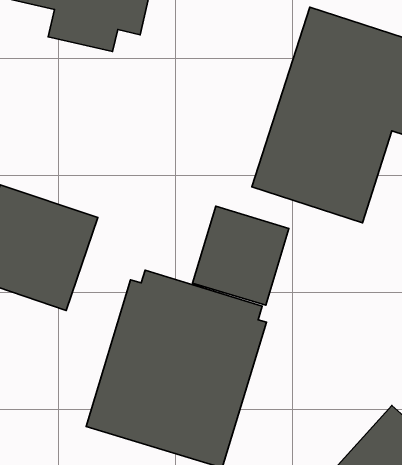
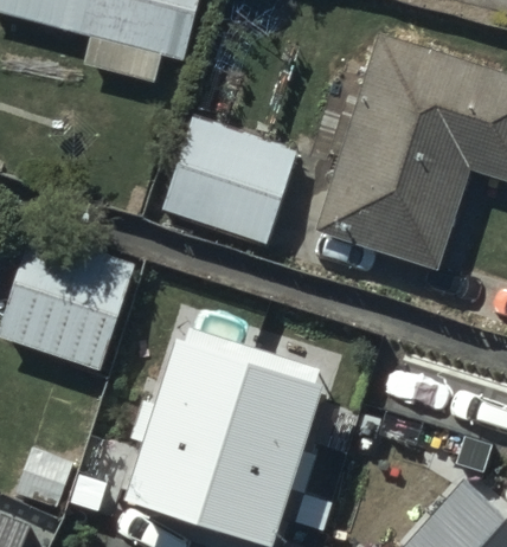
building: none -> [163,121,295,245]
building: [192,206,289,305] -> none

